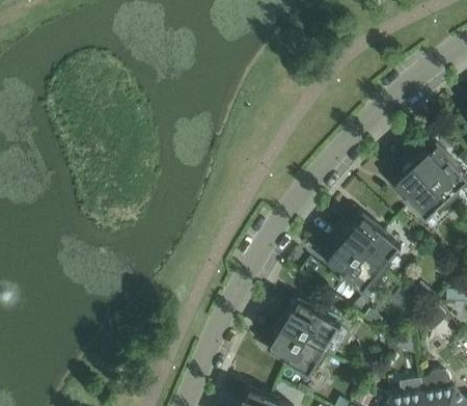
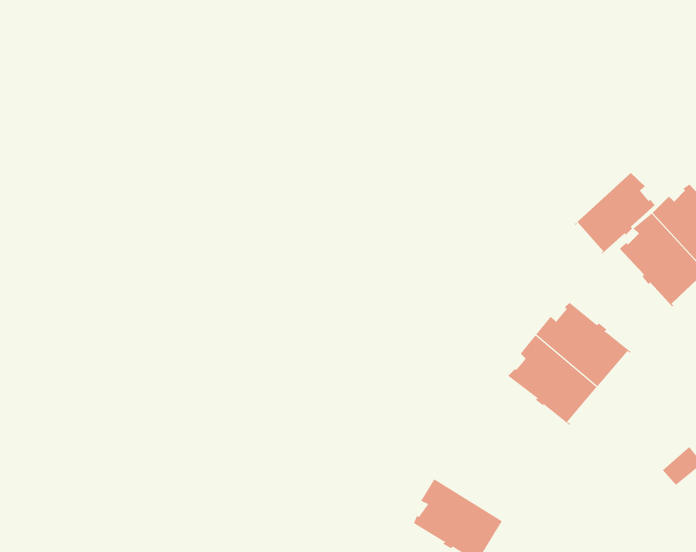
building: none -> [574,172,656,254]
building: [282,300,340,350] -> none

